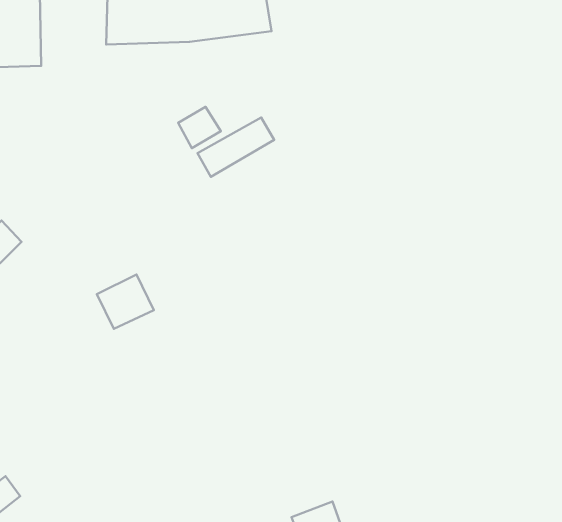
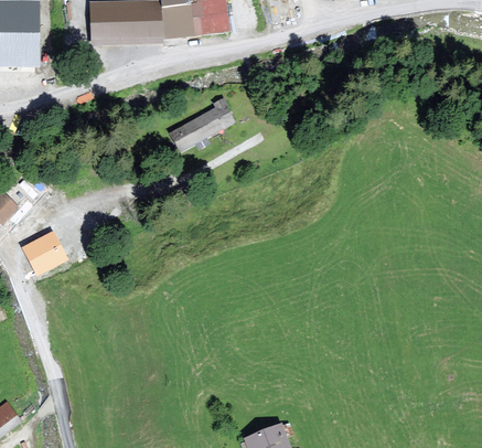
building: [178,107,221,148] -> none
building: [97,274,154,329] -> [21,230,68,275]

